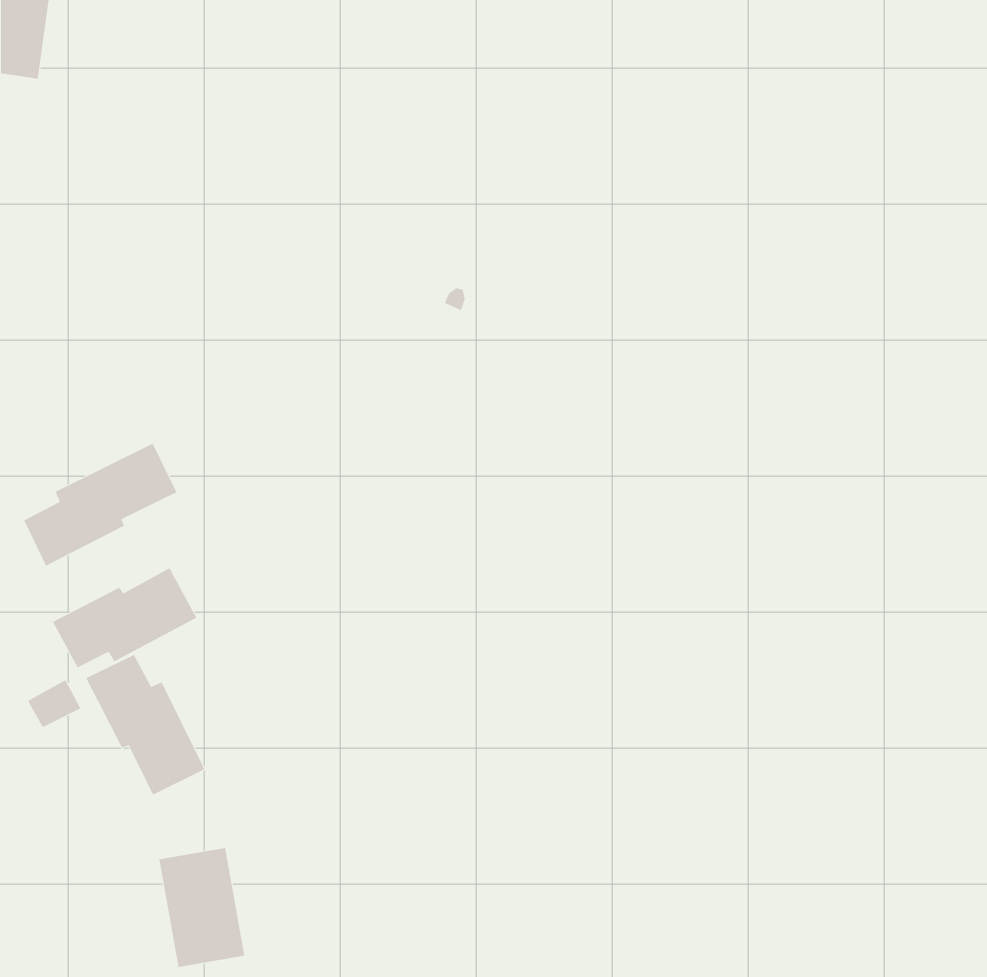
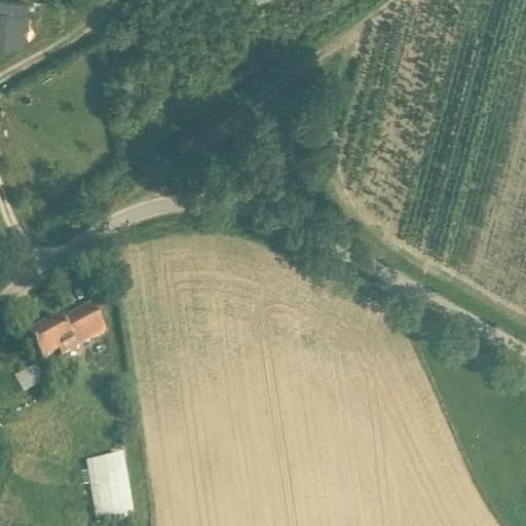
building: [24,443,177,566] -> none
building: [86,654,205,795] -> none

